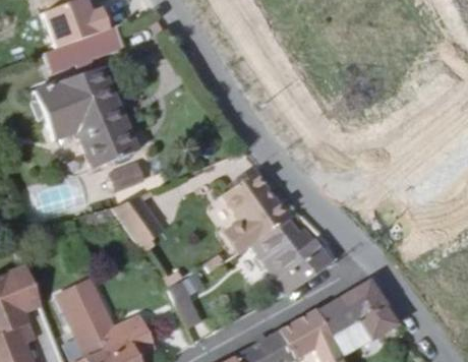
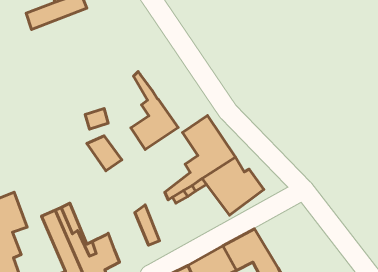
building: [32,70,131,169] -> none
building: none -> [131,71,178,149]
building: [314,282,401,355] -> none

